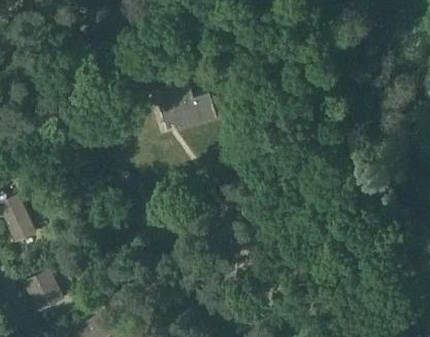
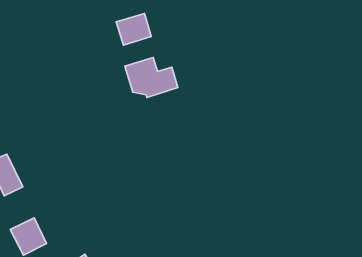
building: none -> [116,14,151,45]

